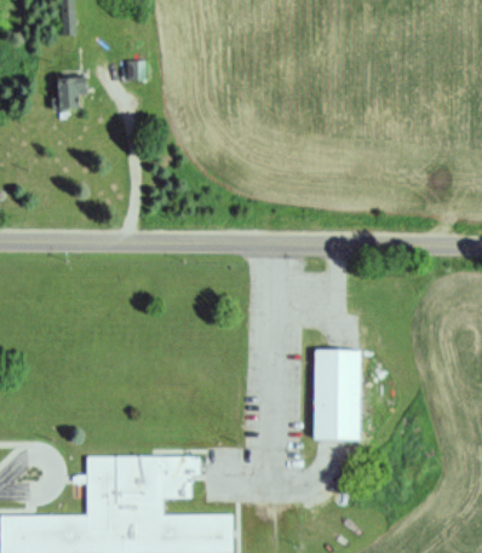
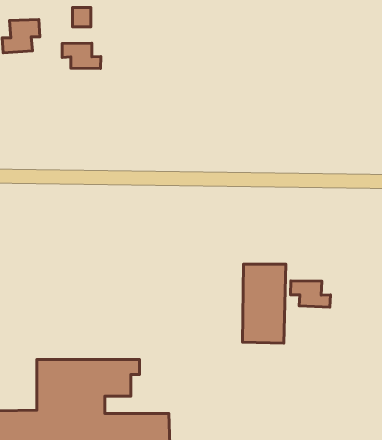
building: none -> [62,43,101,68]
building: none -> [291,281,330,307]

